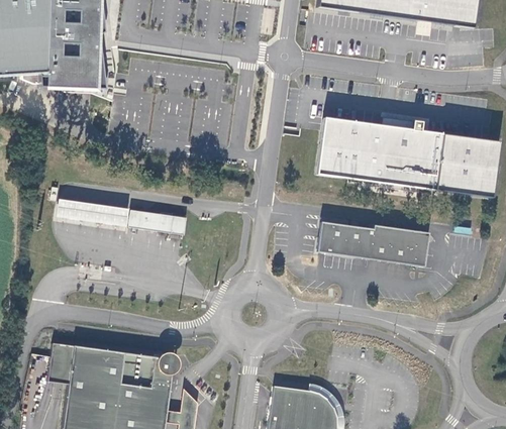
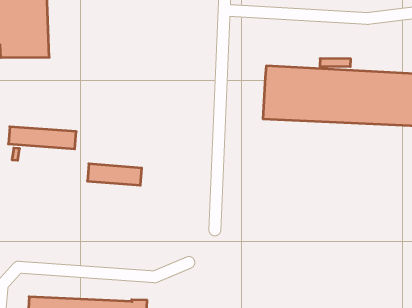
building: [54,196,126,225] -> [8,127,76,149]
building: [317,221,430,266] -> none

